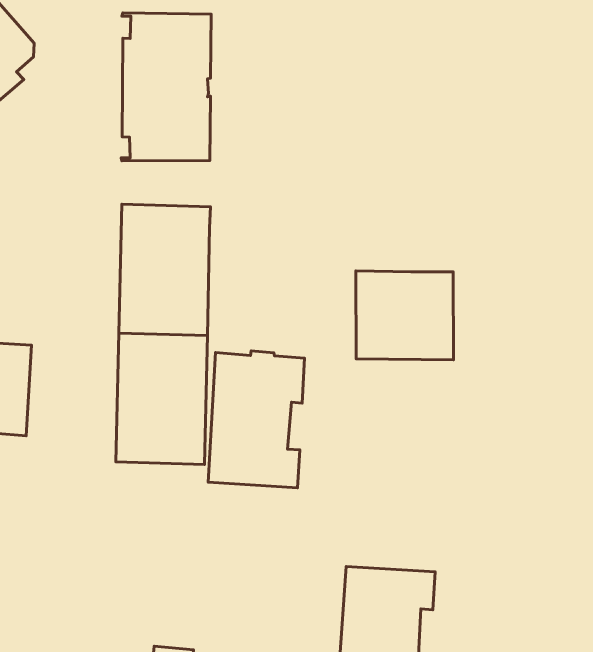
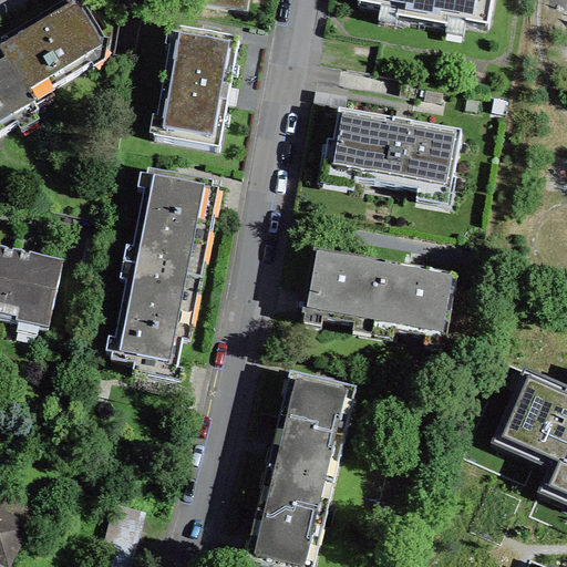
building: none -> [323,106,462,188]
building: none -> [374,260,457,338]
building: [208,351,305,488] -> [268,370,355,481]

